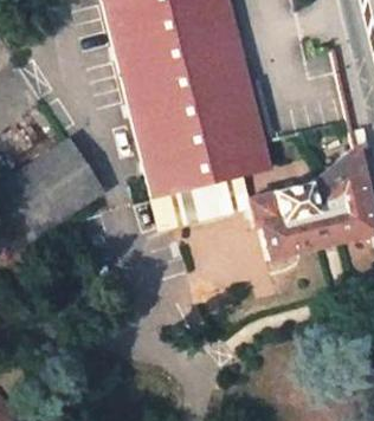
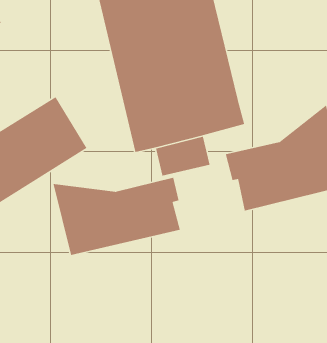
building: none -> [53,177,181,256]

